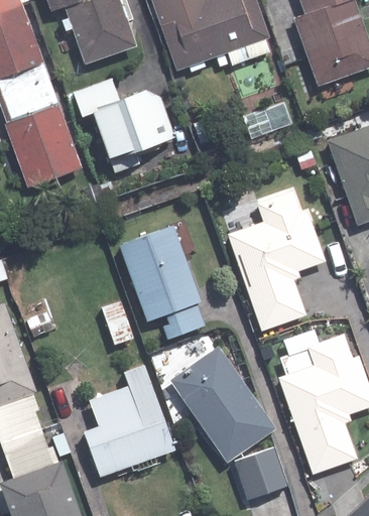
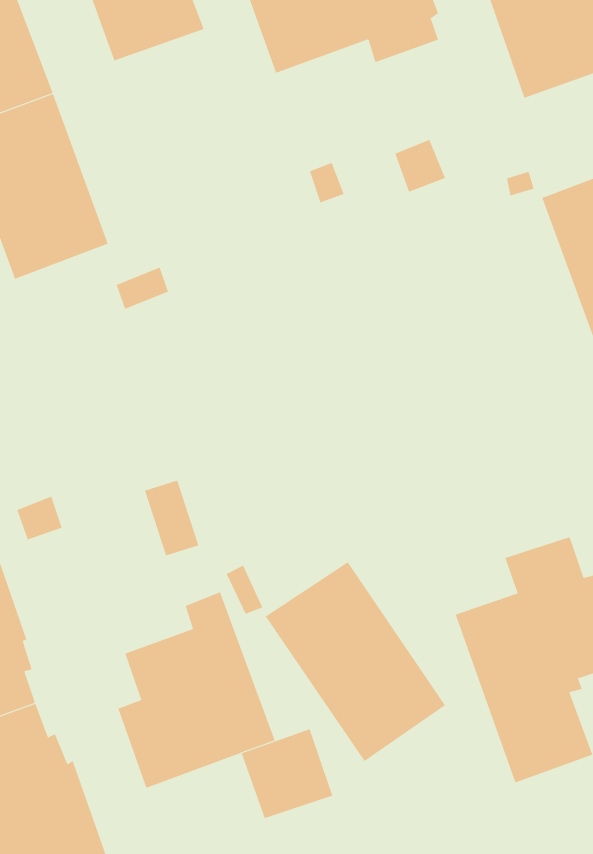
building: [71,78,174,172] -> none
building: [226,189,325,331] -> none
building: [117,224,205,339] -> none
building: [235,447,287,499] -> [241,728,333,819]

